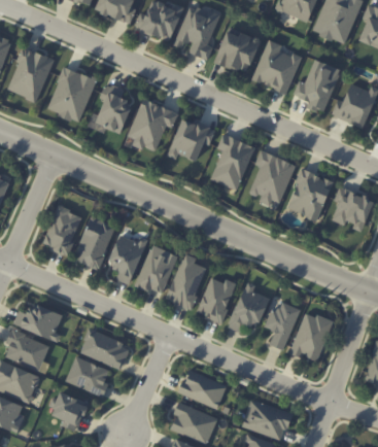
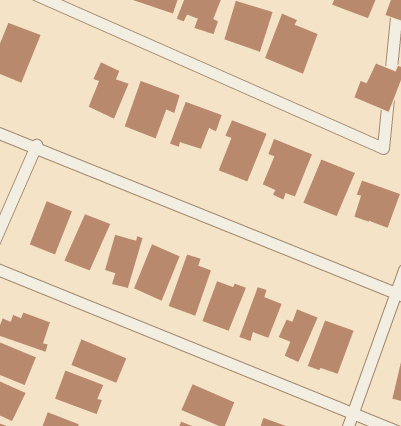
building: [294,59,341,113] -> none
building: [48,67,97,122] -> none

